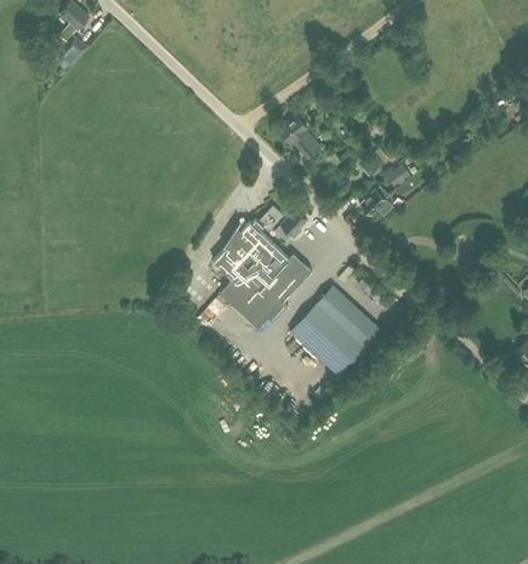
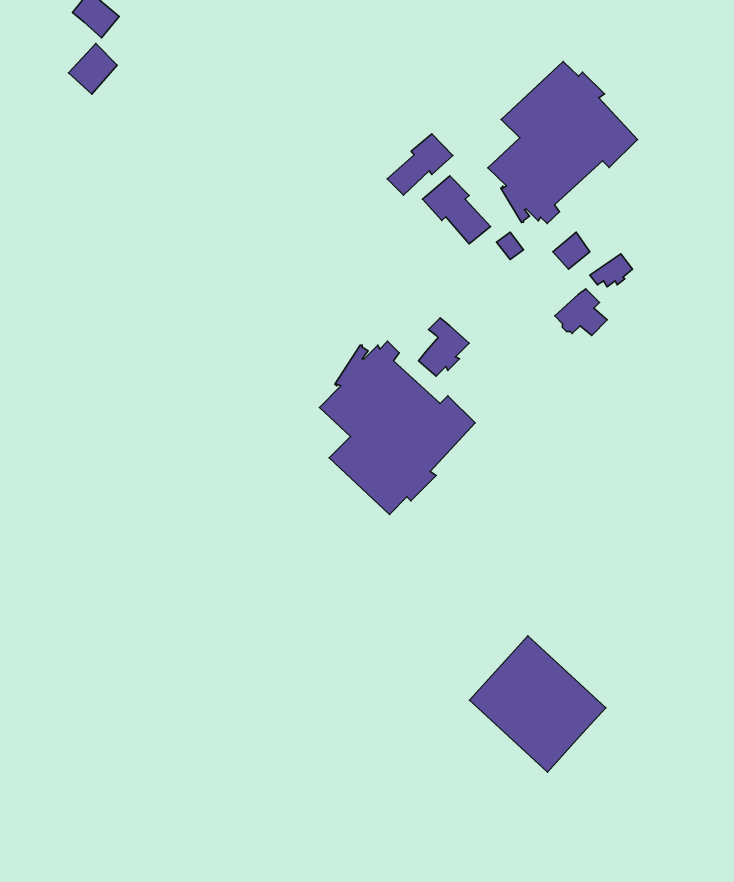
building: none -> [488,61,637,224]
building: none -> [387,134,453,195]
building: [294,286,379,371] -> [470,636,606,772]

